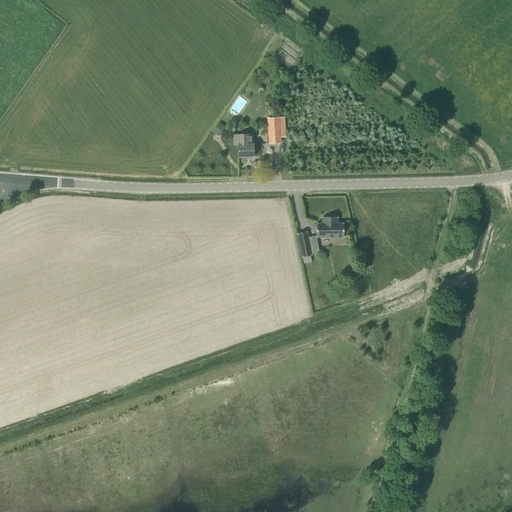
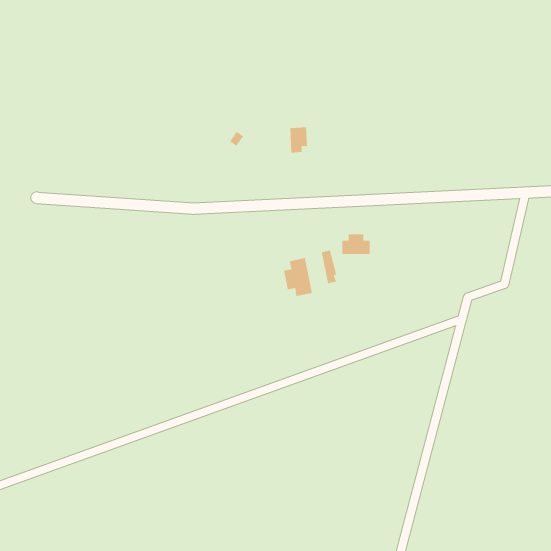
building: [234,134,254,157] -> none
building: none -> [283,257,313,297]

